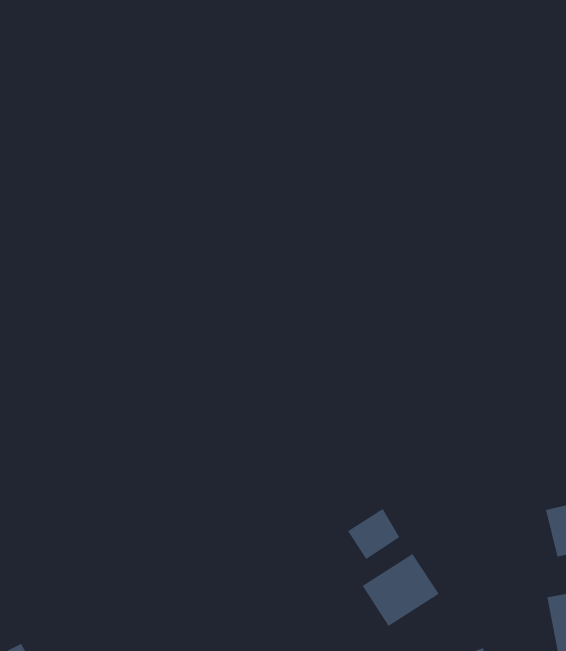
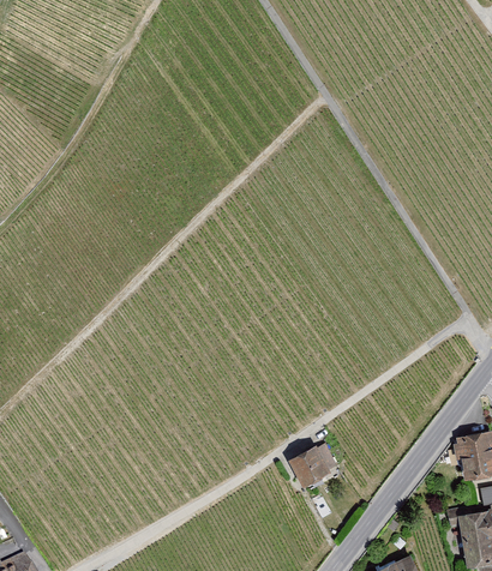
building: [362,553,439,627] -> none

